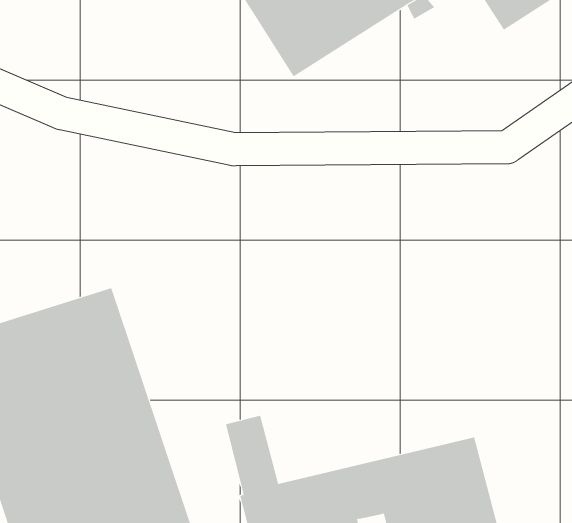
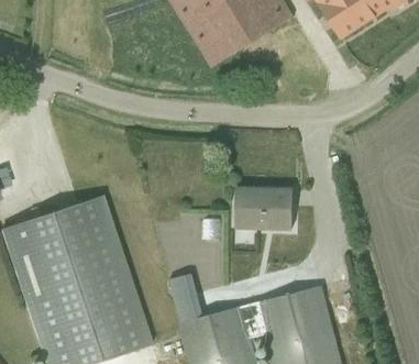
building: none -> [232,186,294,231]

